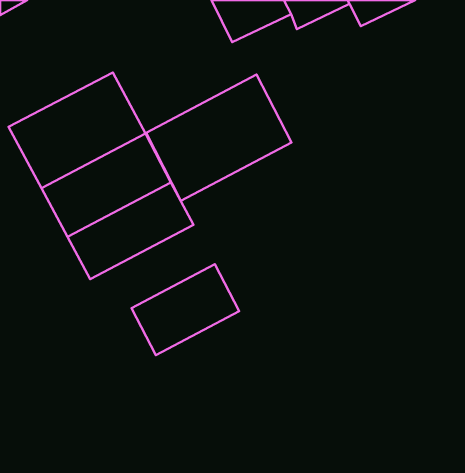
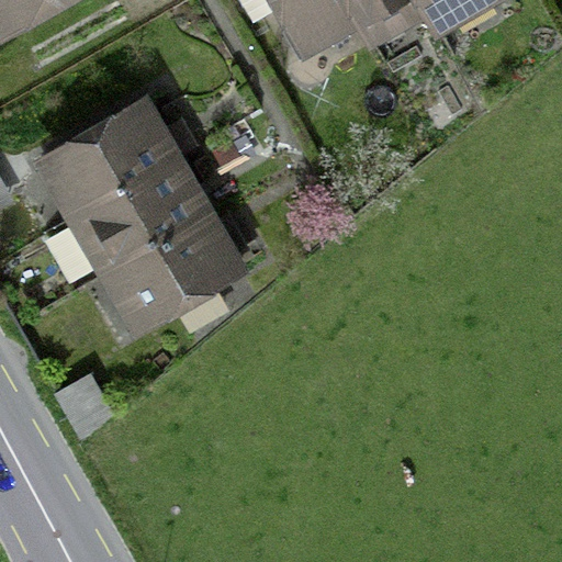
building: [146,74,291,201] -> none
building: [131,264,239,355] -> none

